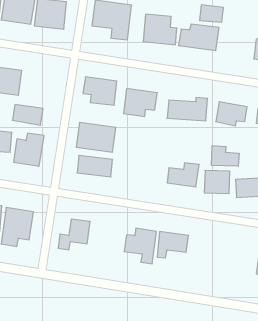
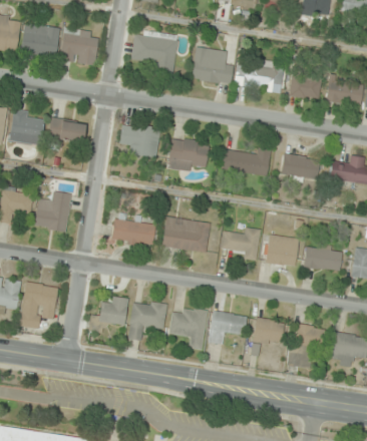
building: [200,5,223,22] -> [290,77,319,98]
building: [12,105,43,125] -> [48,118,85,143]
building: [76,122,116,152] -> [161,216,210,253]
building: [212,146,239,166] -> none
building: none -> [128,300,166,339]
building: none -> [253,319,283,355]
building: none -> [286,323,325,367]

